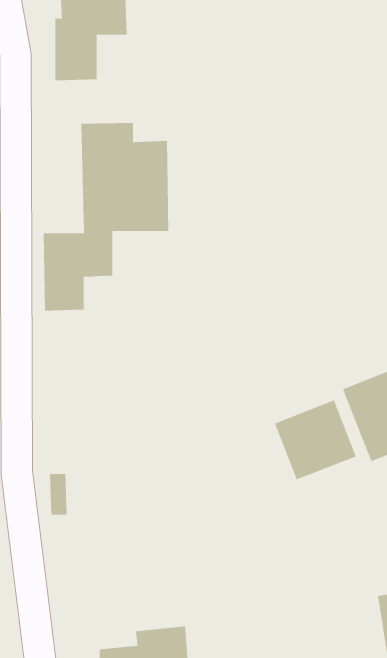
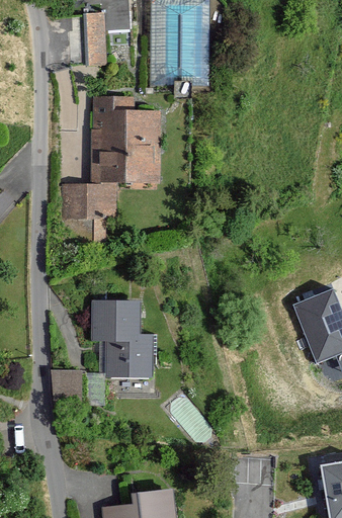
building: none -> [92,301,152,375]
building: [274,400,357,480] -> none

